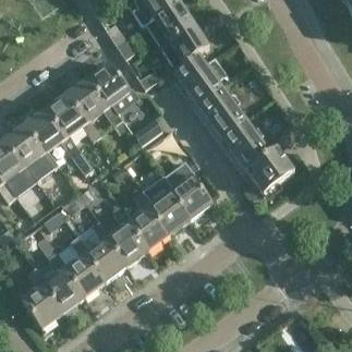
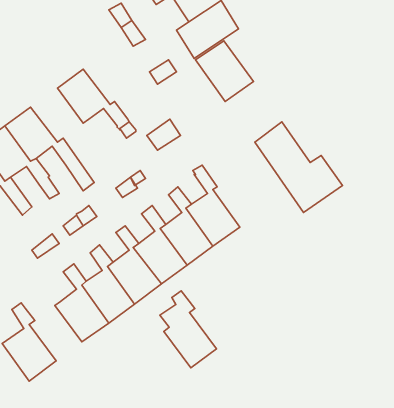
building: [85,61,143,108] -> none
building: [199,87,245,136] -> none
building: [43,93,100,139] -> none
building: [38,251,84,313] -> [160,291,216,368]

